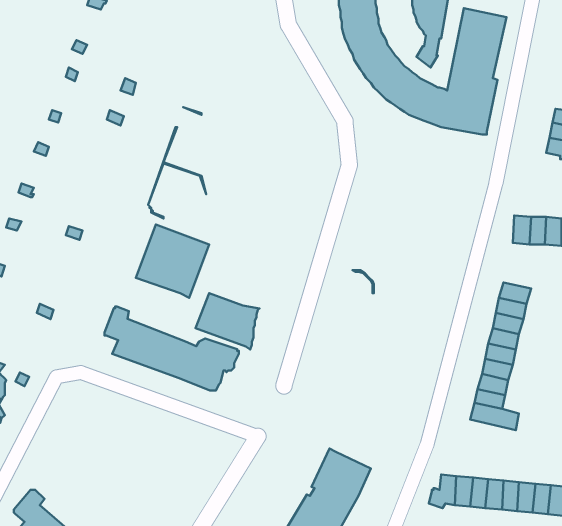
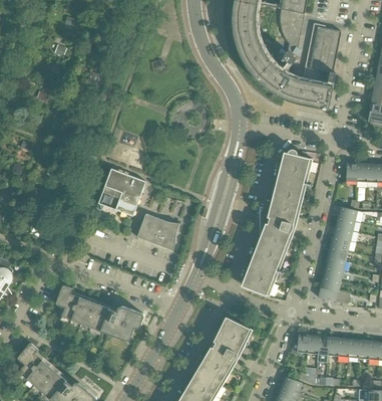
building: none -> [241,149,312,295]
building: [105,307,239,390] -> [55,284,143,340]

